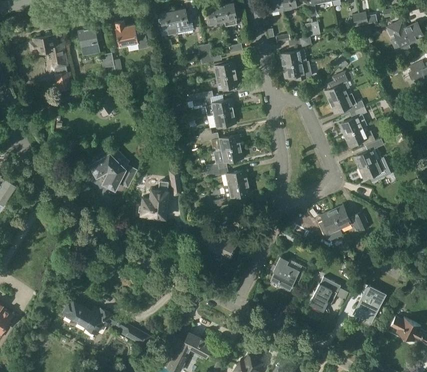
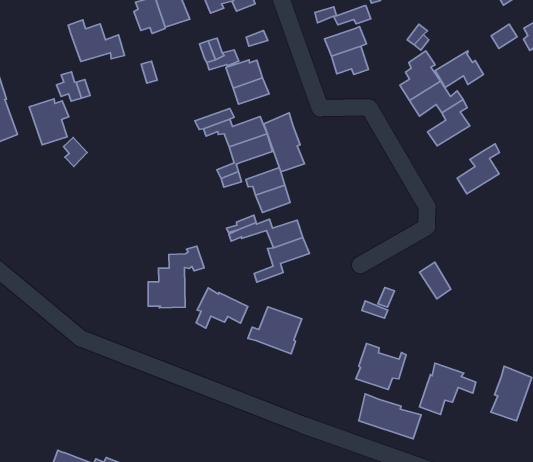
building: [78,28,103,57] -> [29,99,69,145]
building: none -> [264,113,305,172]
building: [344,125,375,147] -> [435,51,483,88]
building: [90,154,135,189] -> none
building: [359,158,391,180] -> none
building: [332,206,369,232] -> none
building: none -> [196,288,248,328]
building: none -> [359,394,421,439]

